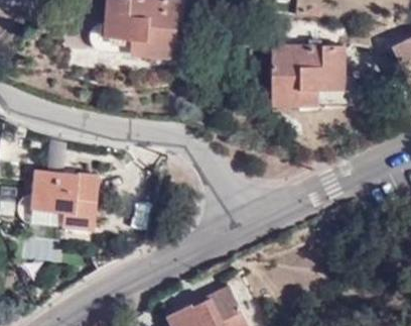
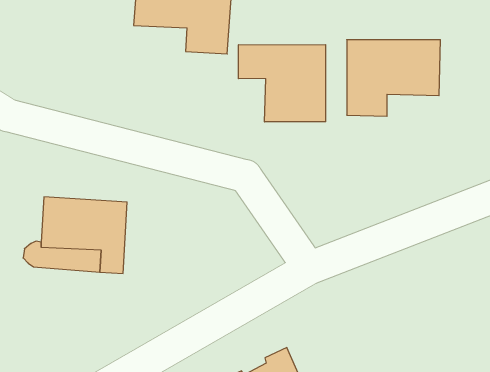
building: none -> [238,45,326,122]

